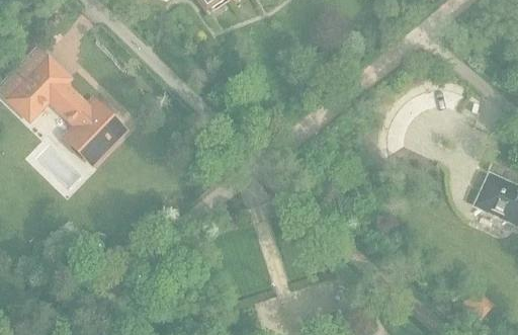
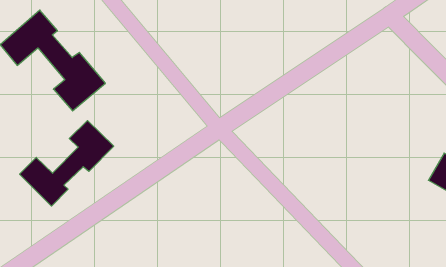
building: none -> [20,121,114,206]

